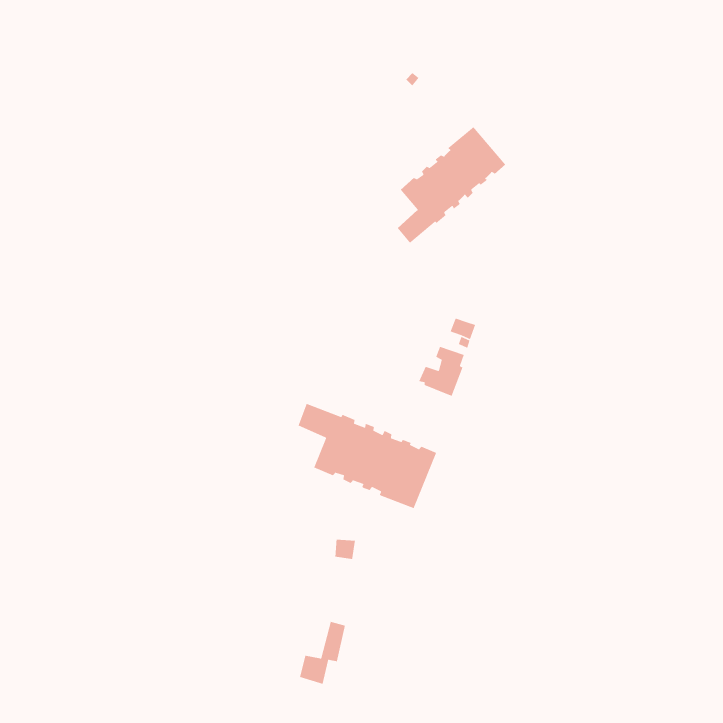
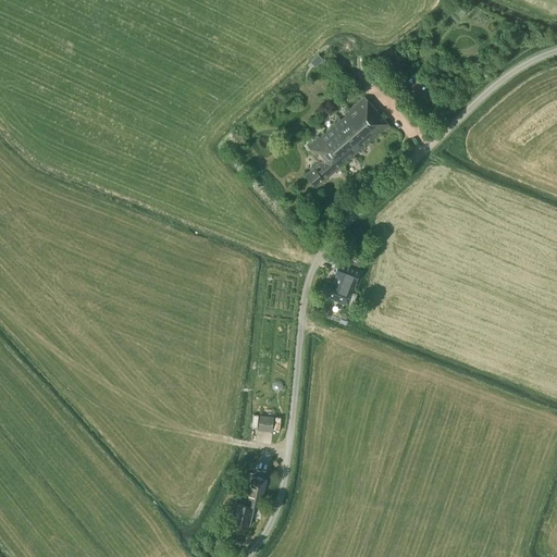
building: [298,403,437,509] -> none

